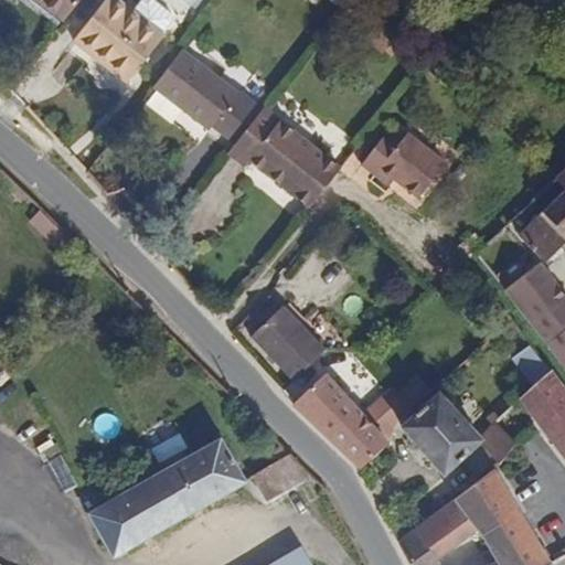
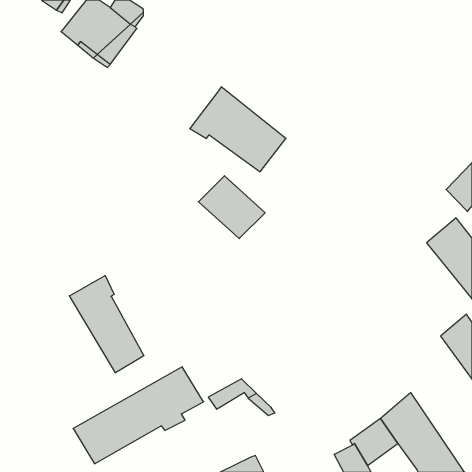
building: [152,50,262,143] -> none
building: [360,130,446,196] -> none
building: [254,302,333,377] -> [198,176,265,239]
building: none -> [69,275,144,373]
building: [298,374,415,473] -> none
building: [408,392,489,473] -> none

